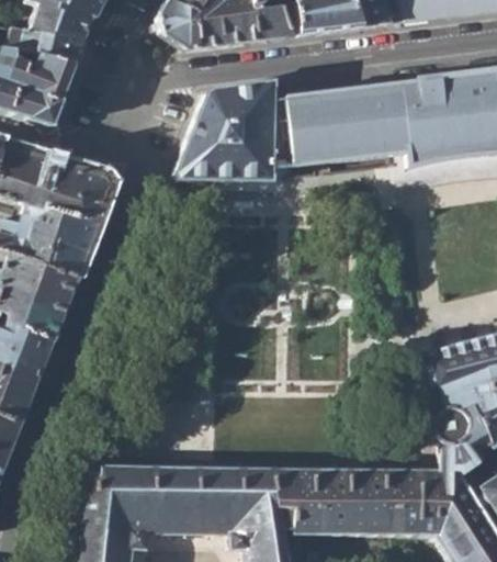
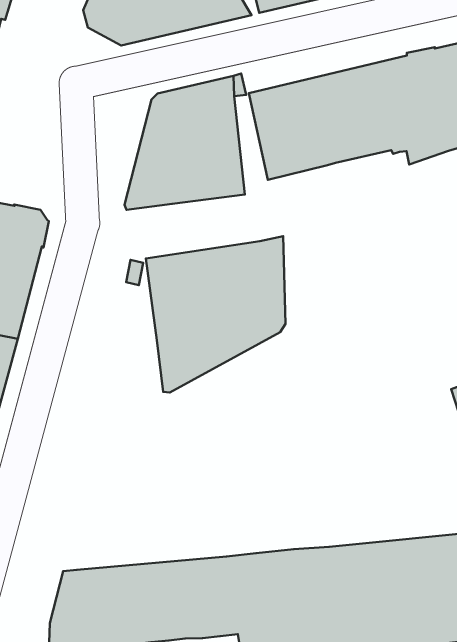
building: none -> [146,236,285,392]

